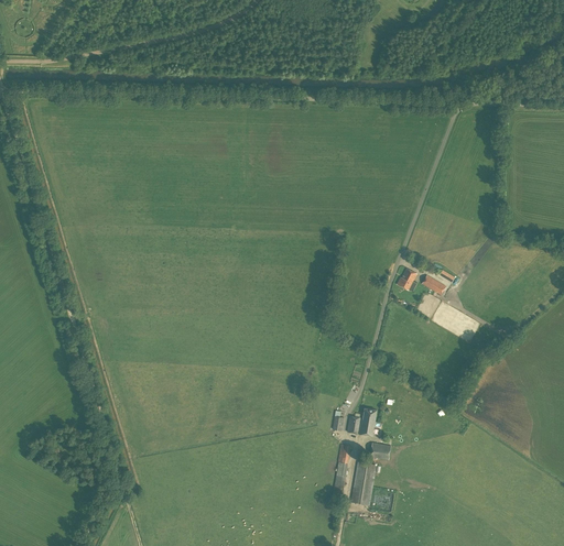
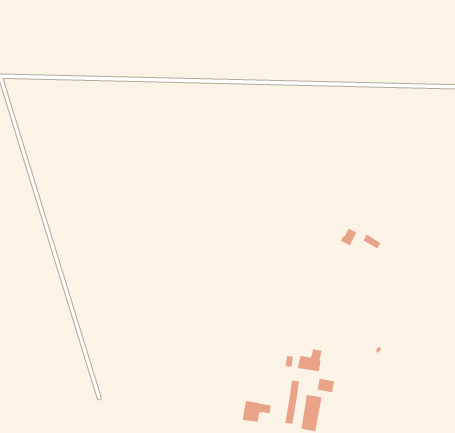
building: none -> [242,400,272,423]

